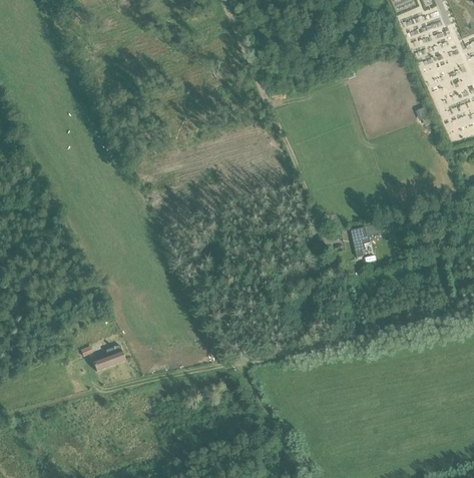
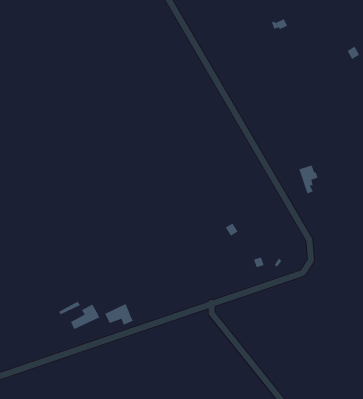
building: none -> [104,303,134,325]

